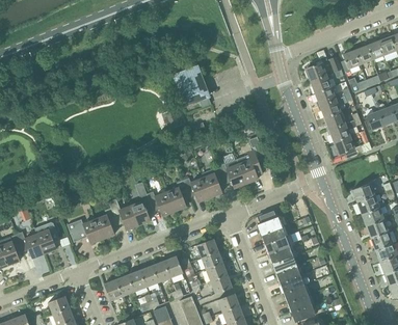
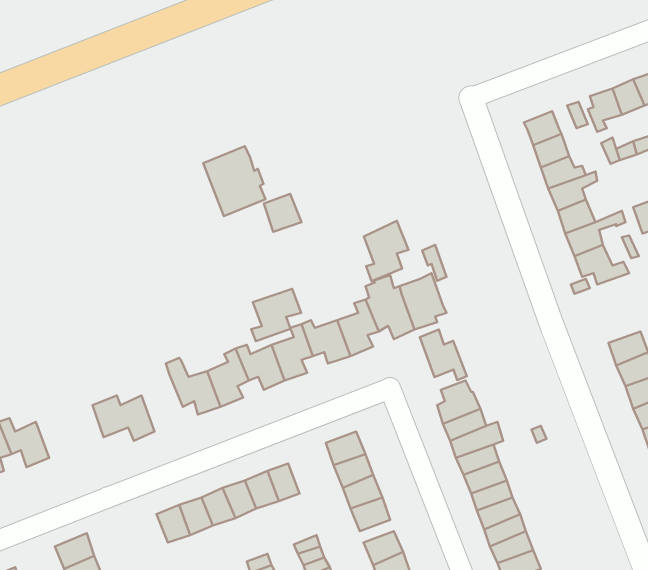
building: [174,66,208,105] -> [203,146,265,216]
building: none -> [364,221,409,281]
building: none -> [251,289,301,341]
building: none -> [420,329,467,380]
building: [95,208,117,239] -> none
building: [34,221,59,253] -> none

